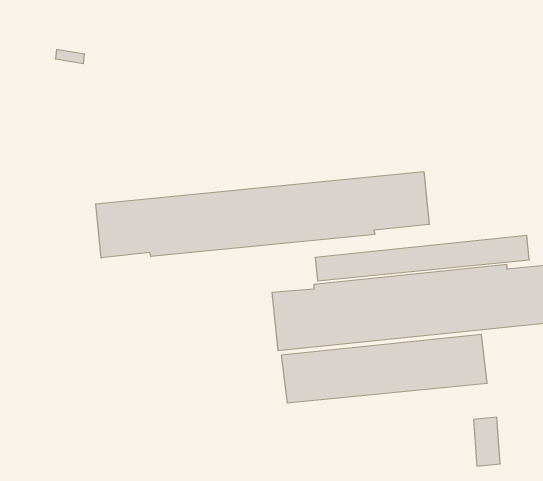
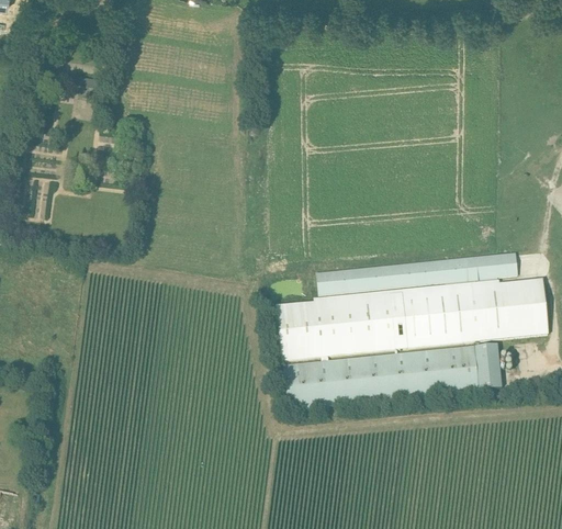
building: [96,172,429,258] -> none
building: [474,417,500,466] -> [476,342,502,389]

